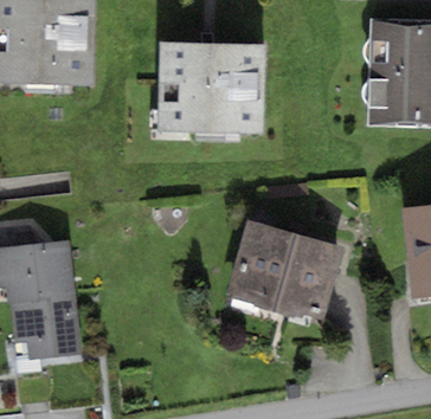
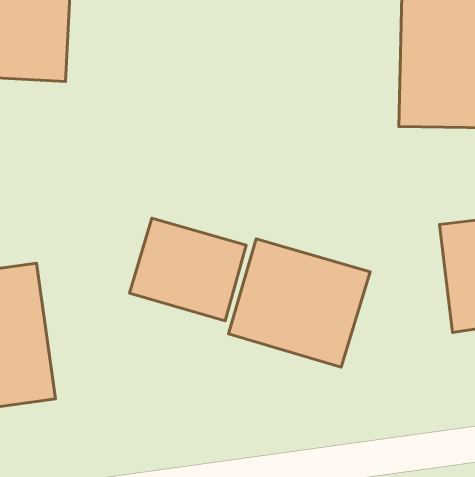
building: [157,41,266,140] -> none
building: none -> [130,218,246,321]

